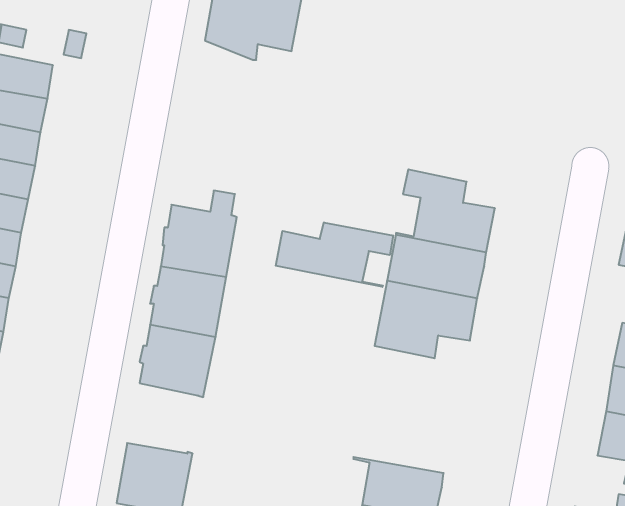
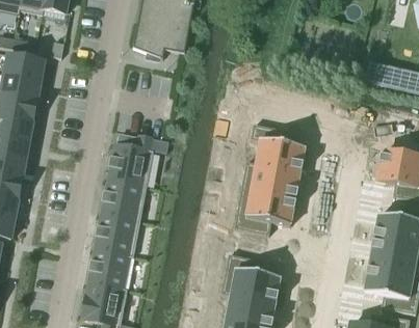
building: [276,222,393,287] -> none
building: none -> [87,248,129,290]
building: none -> [220,253,279,301]

